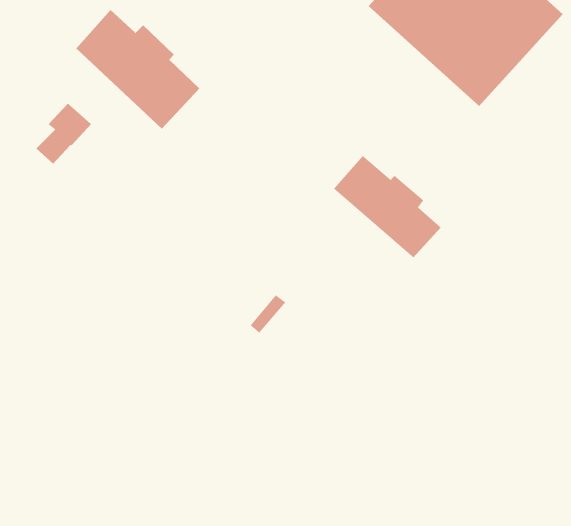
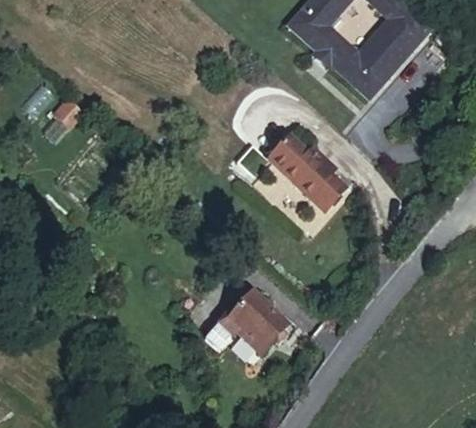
building: [75,9,200,130] -> none
building: none -> [214,291,286,353]

